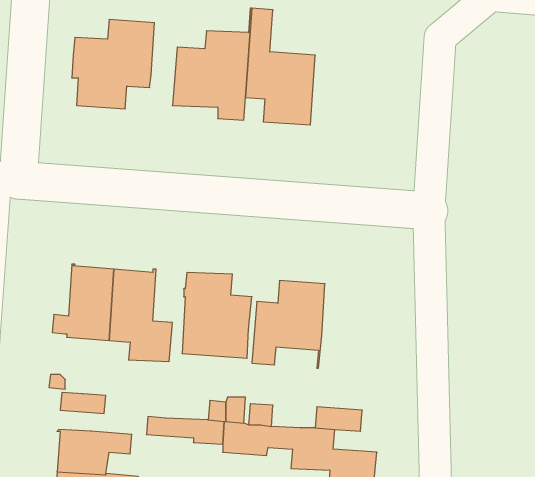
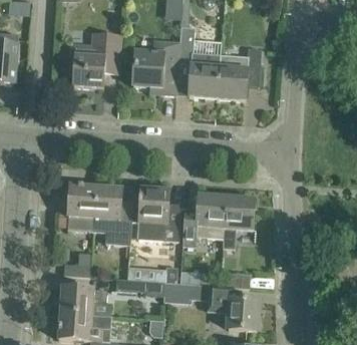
building: none -> [218,47,262,99]
building: none -> [223,196,255,249]

